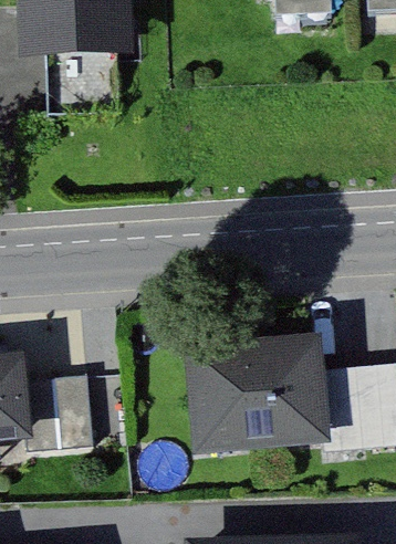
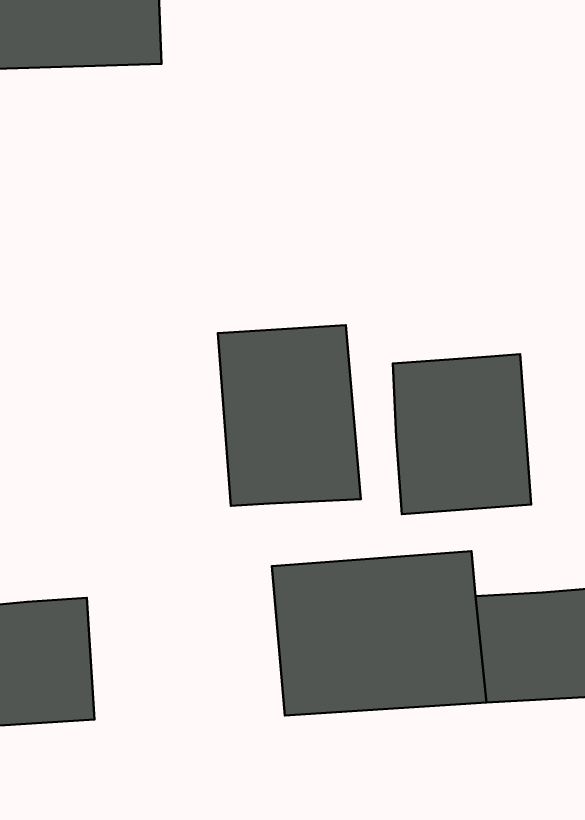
building: none -> [218,325,361,506]
building: none -> [393,354,531,514]

